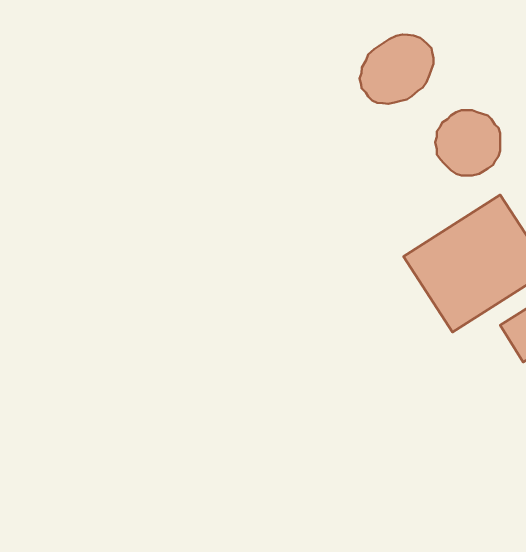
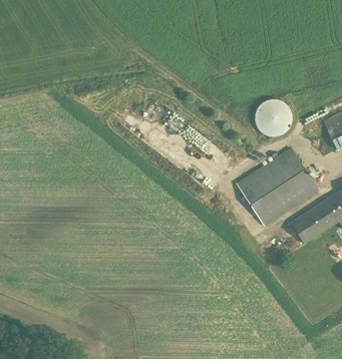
building: [359,35,434,104] -> none

